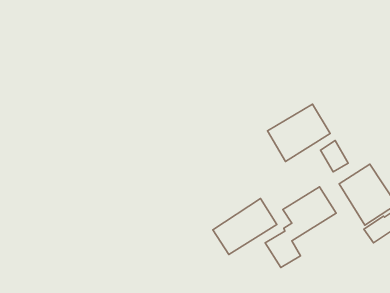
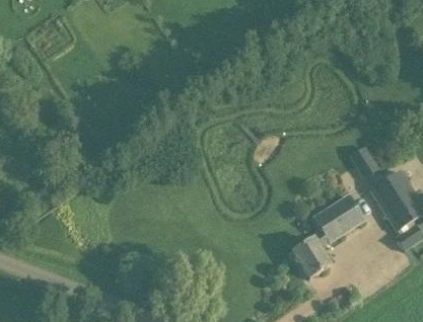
building: [267,104,330,161] -> none
building: [213,199,277,255] -> none

